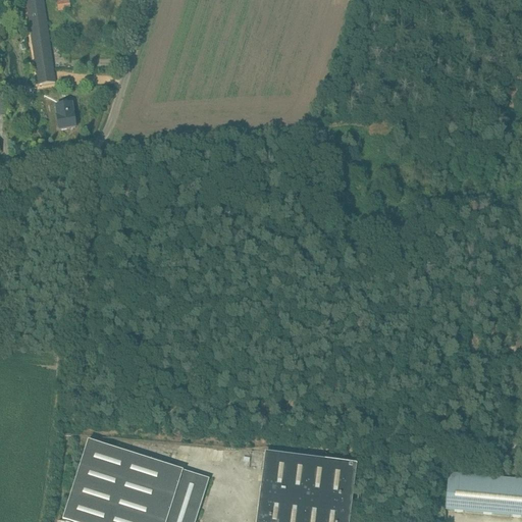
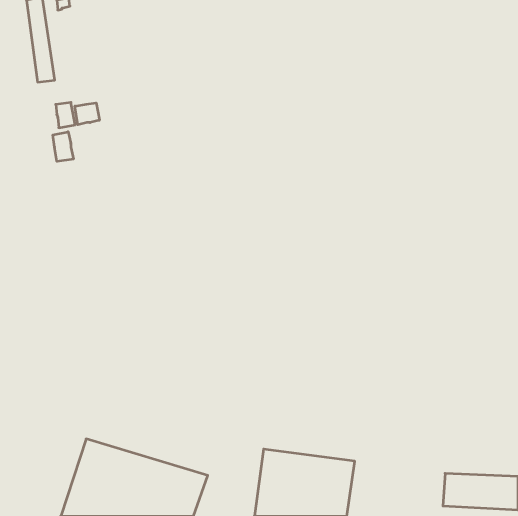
building: none -> [75,103,99,125]
building: none -> [53,132,73,161]

